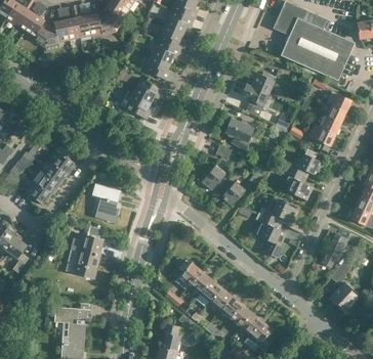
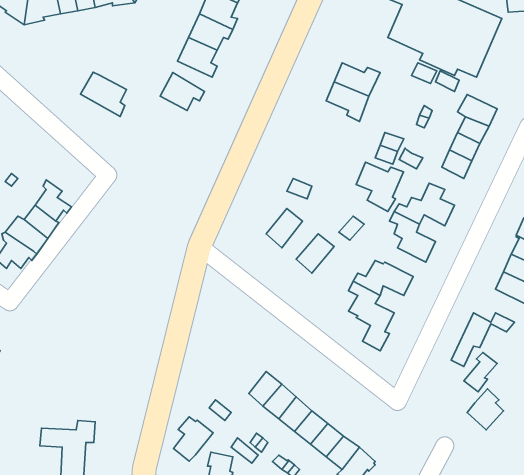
building: [120,90,150,119] -> [81,72,126,116]
building: [223,118,254,149] -> [356,162,404,211]
building: [90,182,119,221] -> none
building: [74,233,99,277] -> none
building: [175,260,201,288] -> [174,417,213,461]

